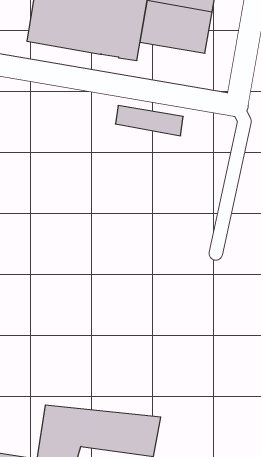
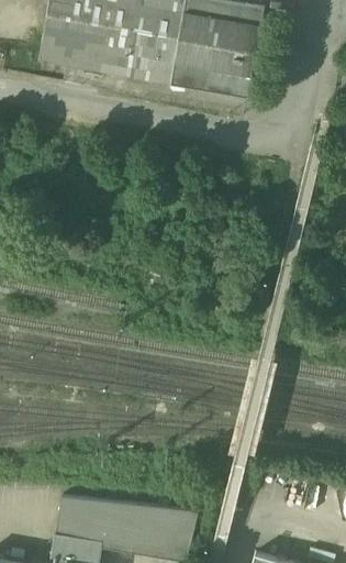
building: [115,106,183,136] -> [171,63,253,99]

